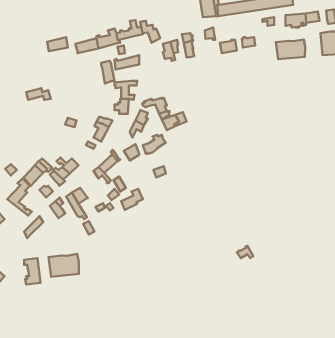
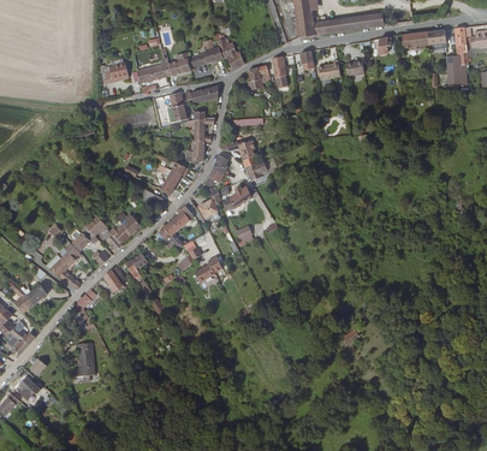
building: [276,39,305,59] -> none
building: [48,254,79,277] -> none

